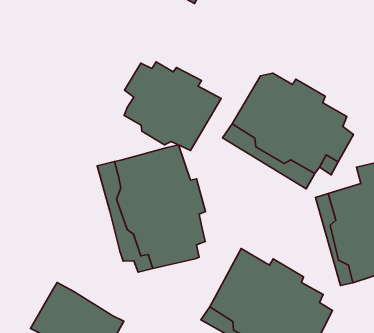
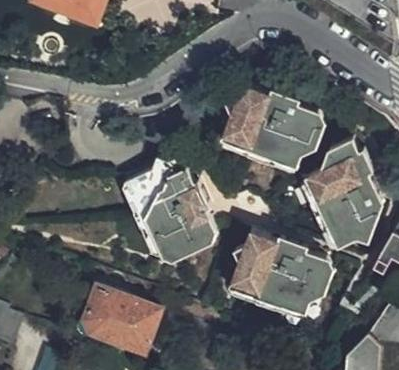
building: [124,62,221,151] -> none

